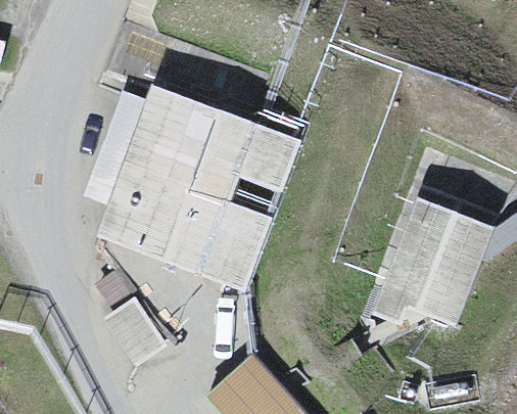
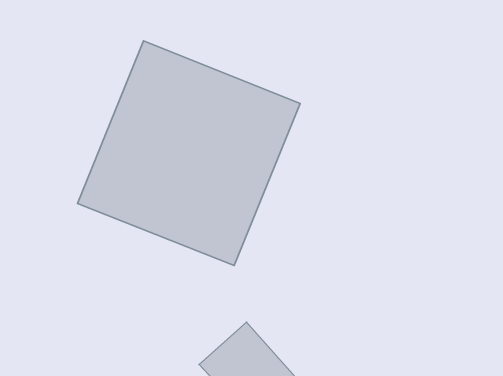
building: [371,195,492,323] -> none

